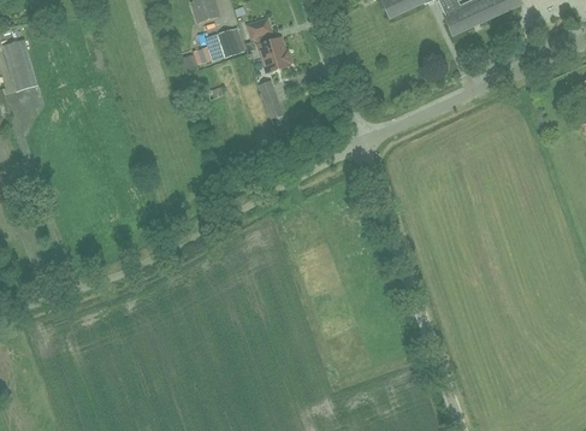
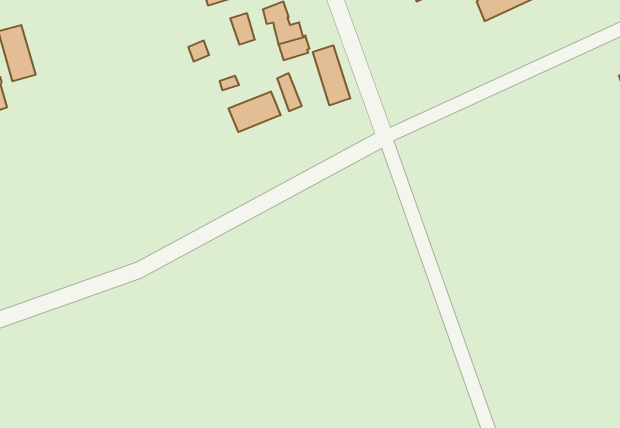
building: none -> [313,45,350,105]
building: none -> [229,91,281,132]

